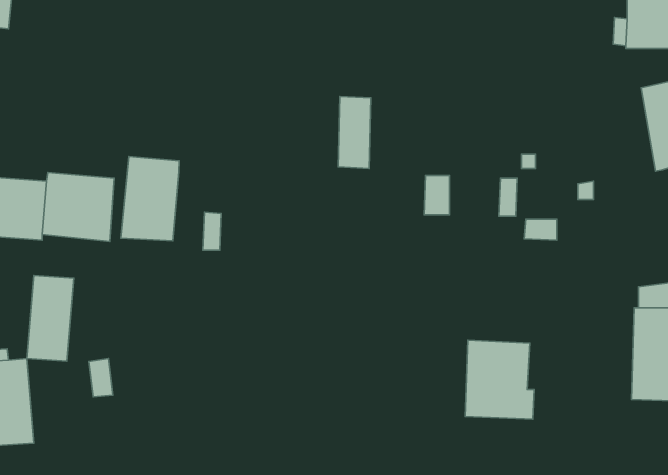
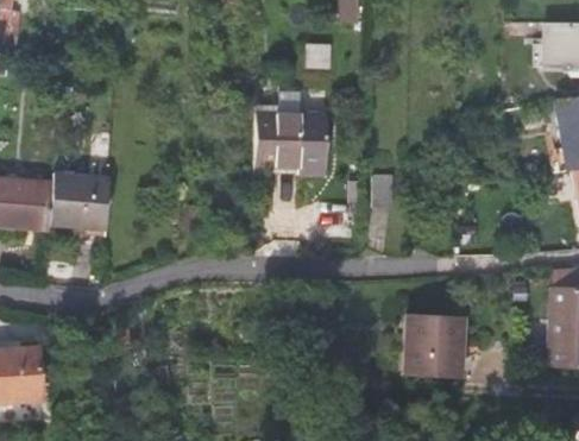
building: none -> [256,93,301,168]
building: [121,157,179,241] -> none
building: [27,276,74,361] -> none

